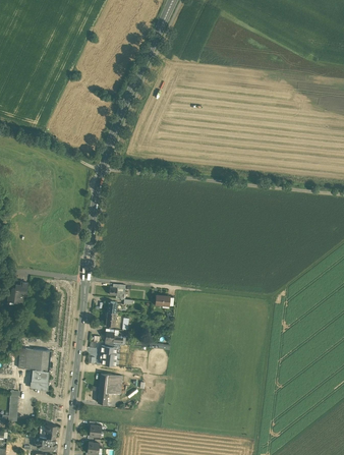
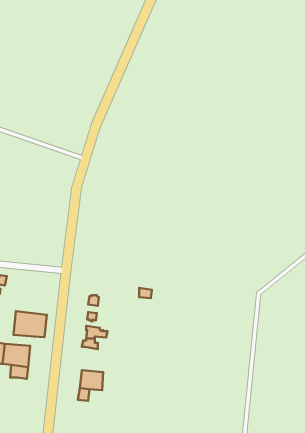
building: none -> [13,311,47,337]

